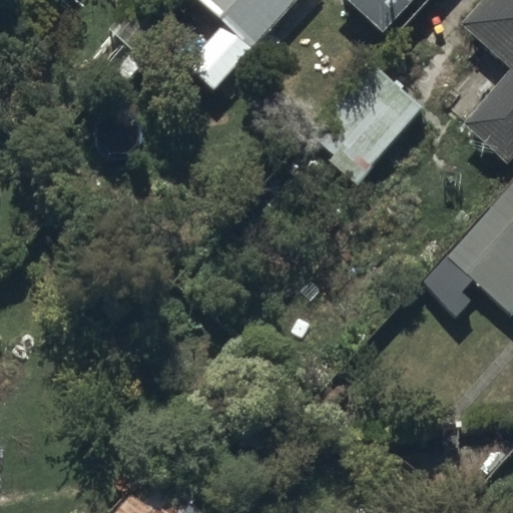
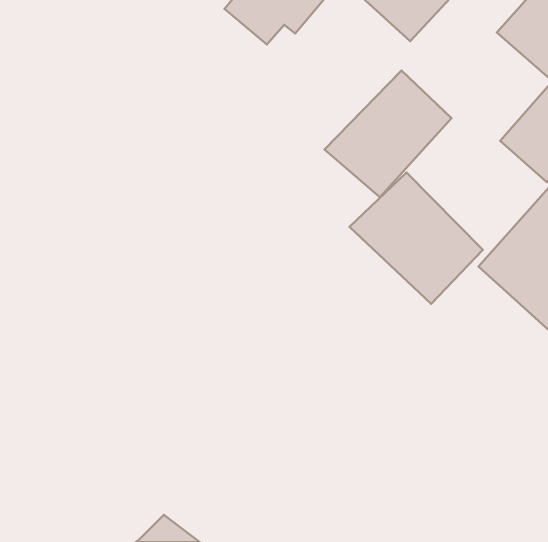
building: none -> [349,173,483,304]

